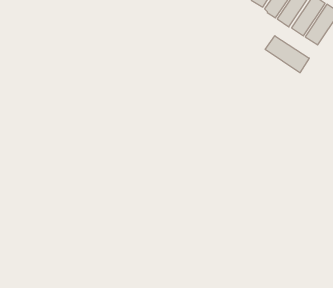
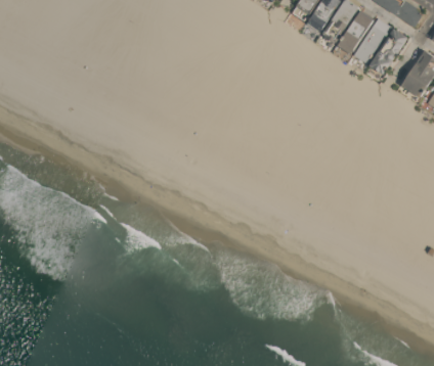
building: [265,36,309,73] -> none

